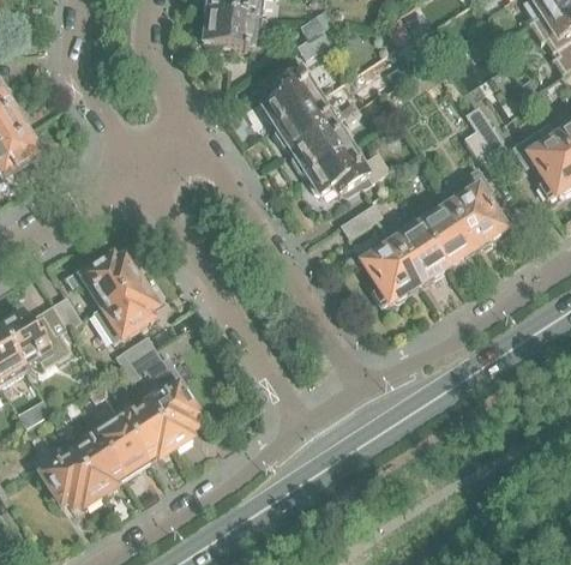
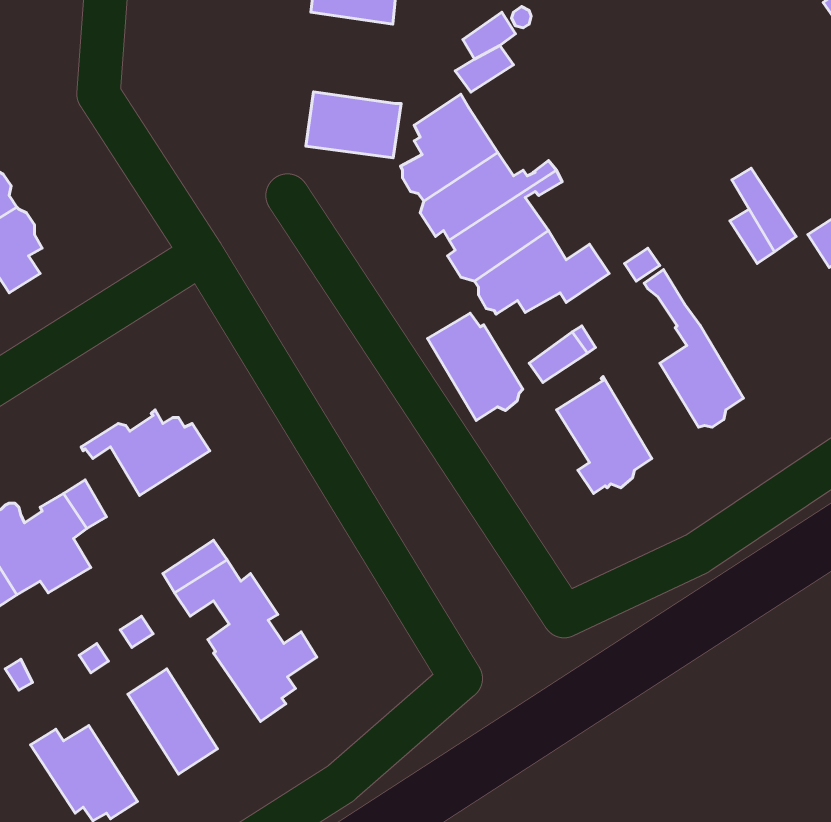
building: [202,10,260,50] -> [306,92,401,158]
building: [441,167,510,247] -> none
building: [386,218,445,284] -> [427,313,523,420]
building: [101,280,155,337] -> none
building: [118,404,175,463] -> none
building: [70,429,125,495] -> none

